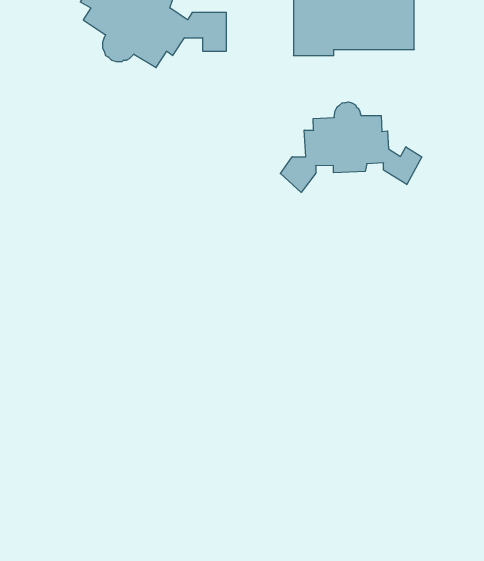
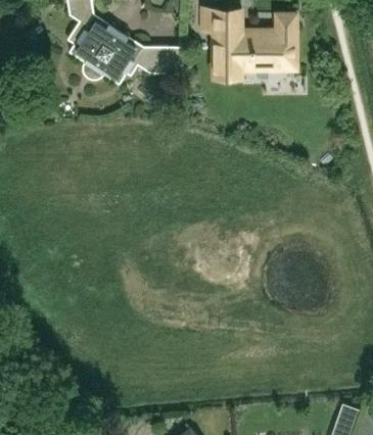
building: [280,102,422,192] -> none

